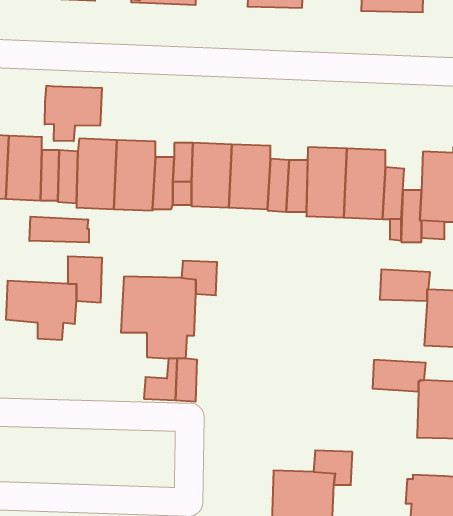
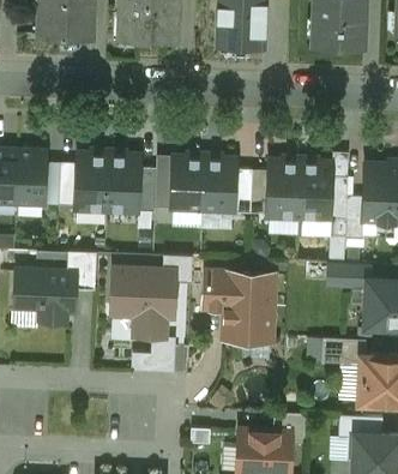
building: [45,86,102,141] -> none
building: [29,217,89,243] -> none
building: none -> [204,271,272,338]
building: none -> [338,415,382,437]

